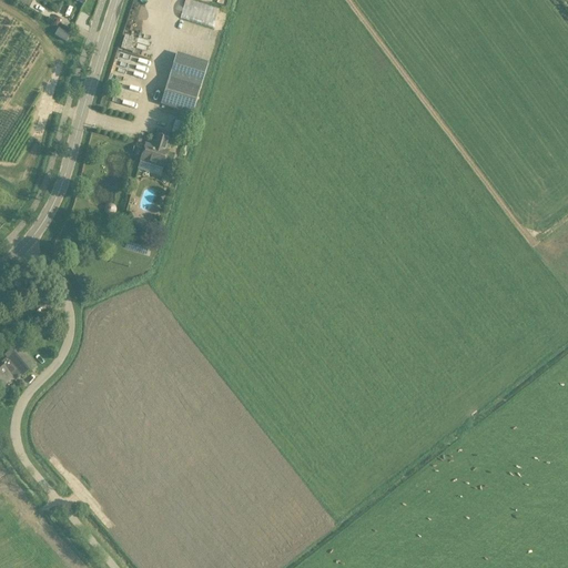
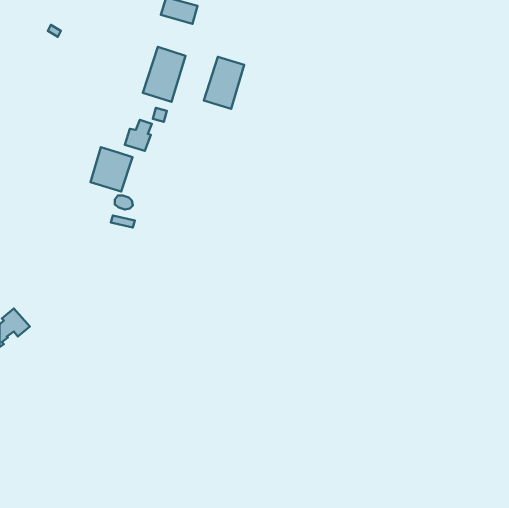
building: none -> [204,57,244,109]
building: none -> [90,147,132,192]

